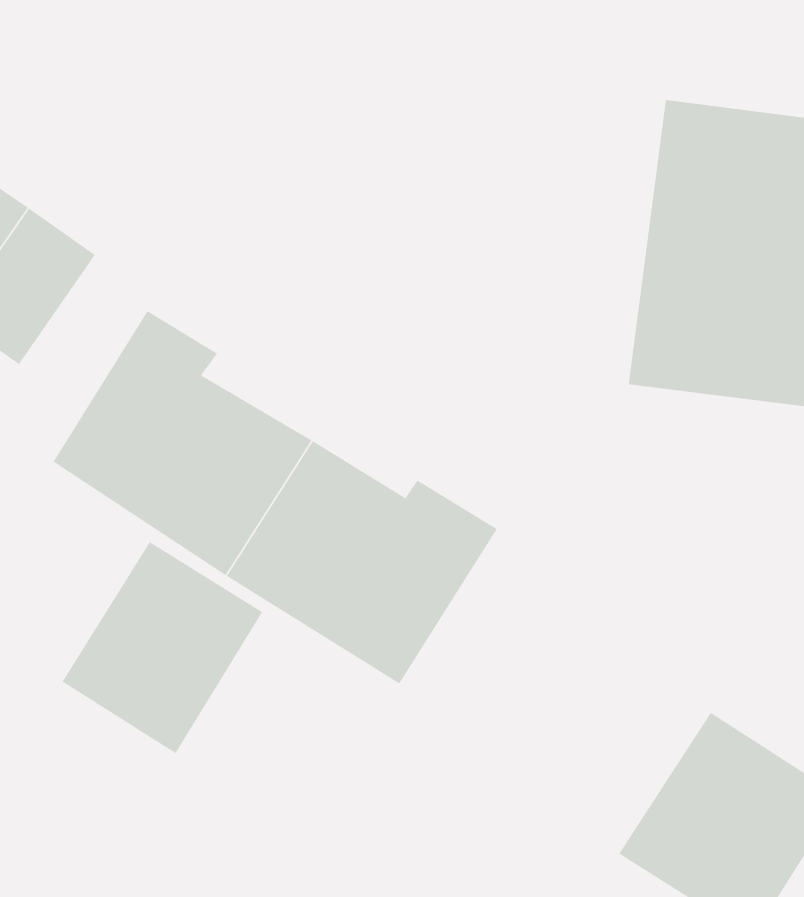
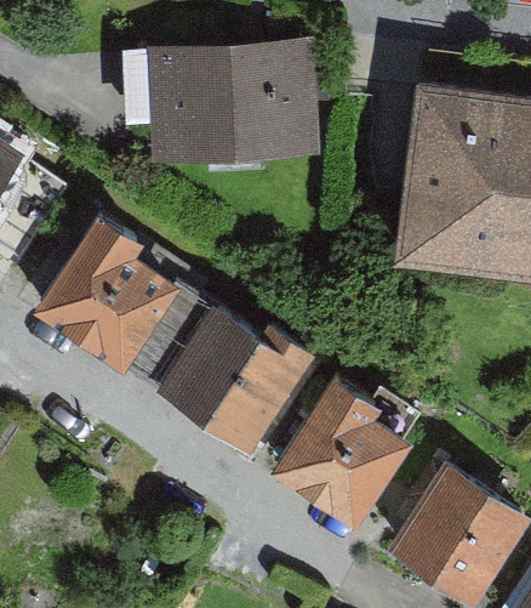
building: none -> [120,41,314,158]
building: [62,541,263,754] -> none
building: none -> [268,375,415,533]

